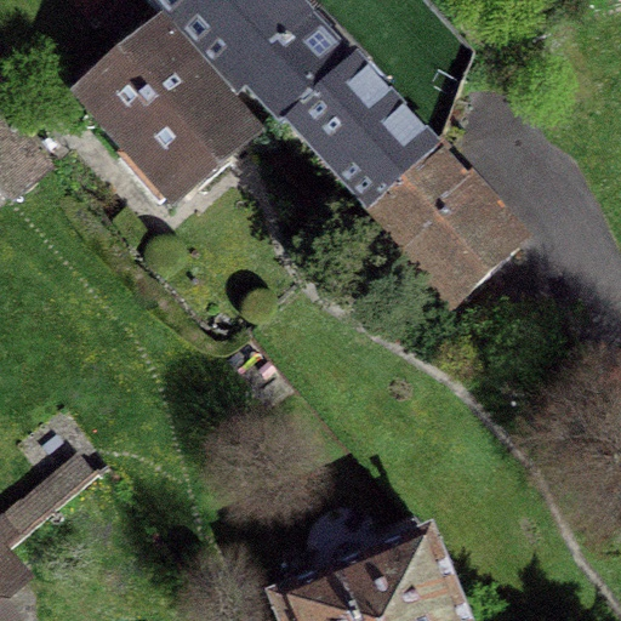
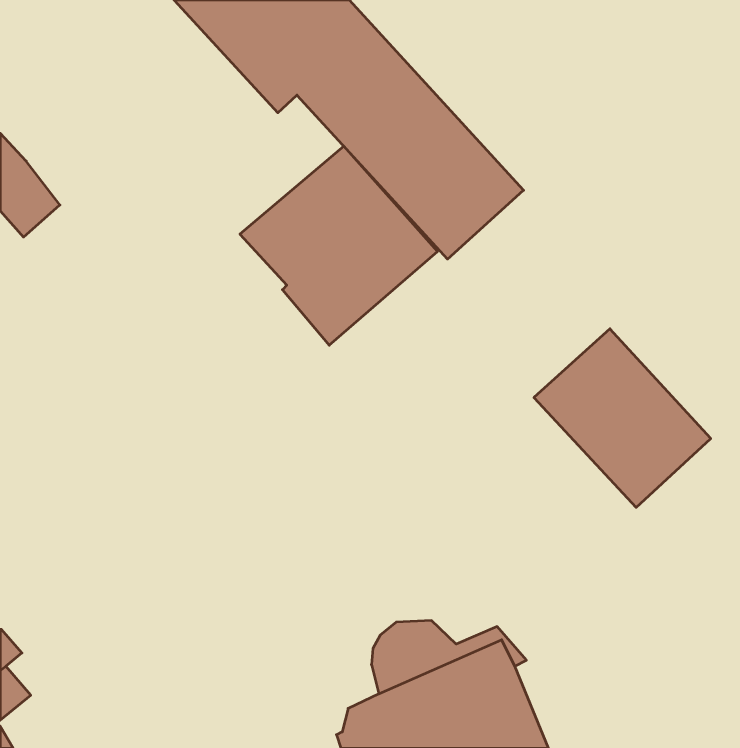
building: [90,39,253,204] -> [240,146,437,345]
building: [377,158,524,306] -> [534,329,711,507]

